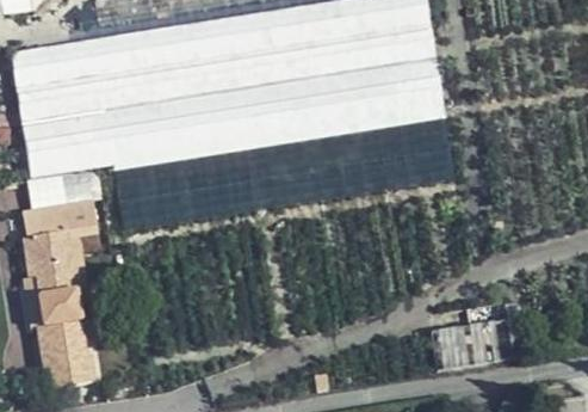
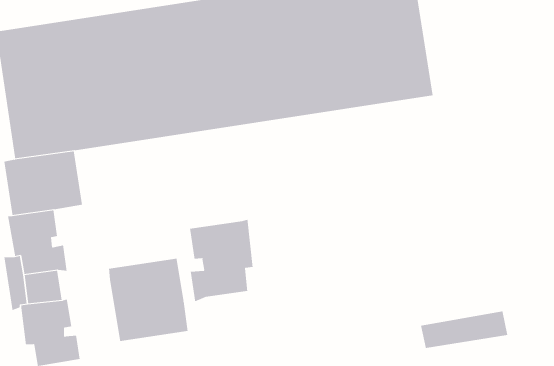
building: none -> [189,219,253,302]
building: none -> [109,258,188,342]

